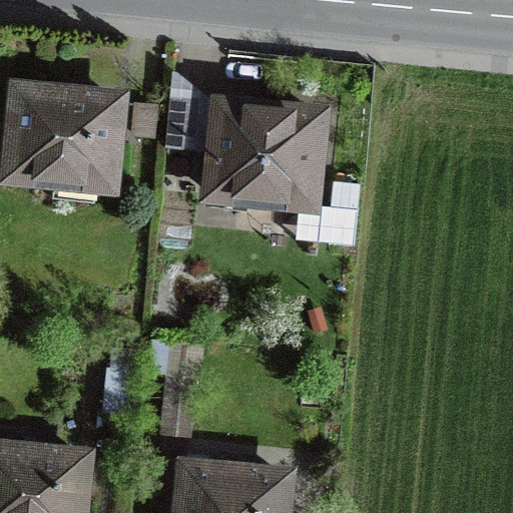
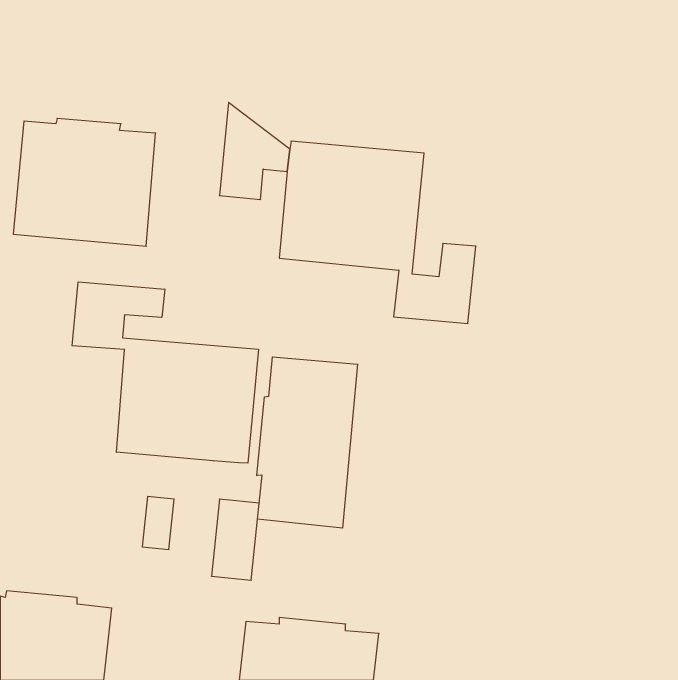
building: none -> [72,282,258,463]
building: none -> [257,357,358,528]

